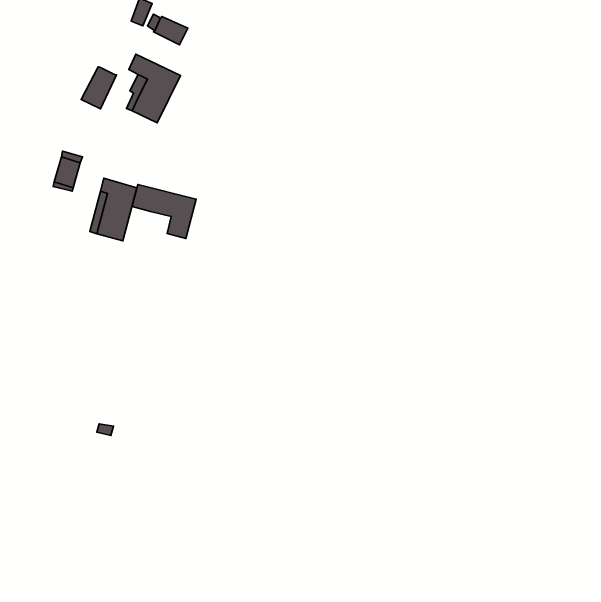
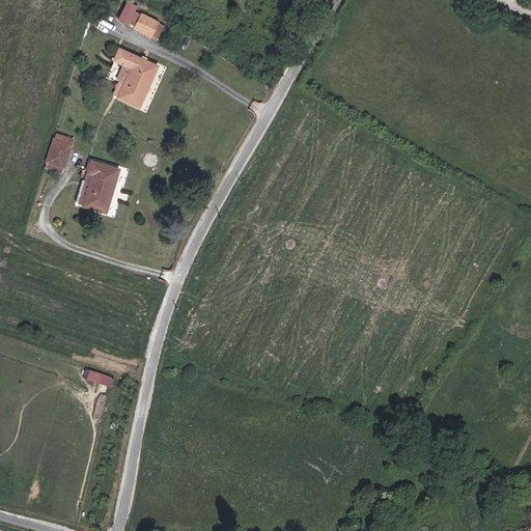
building: [81,67,116,109] -> none
building: [132,185,196,239] -> none

